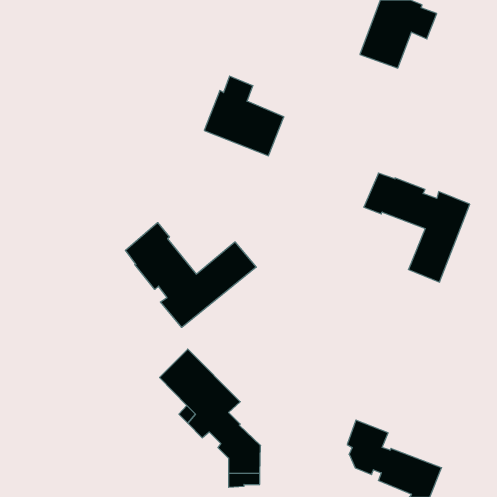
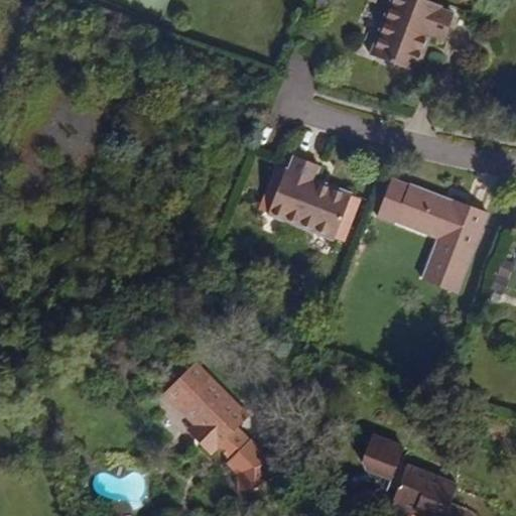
building: [204,76,284,156] -> [268,155,351,238]
building: [125,223,256,327] -> none

